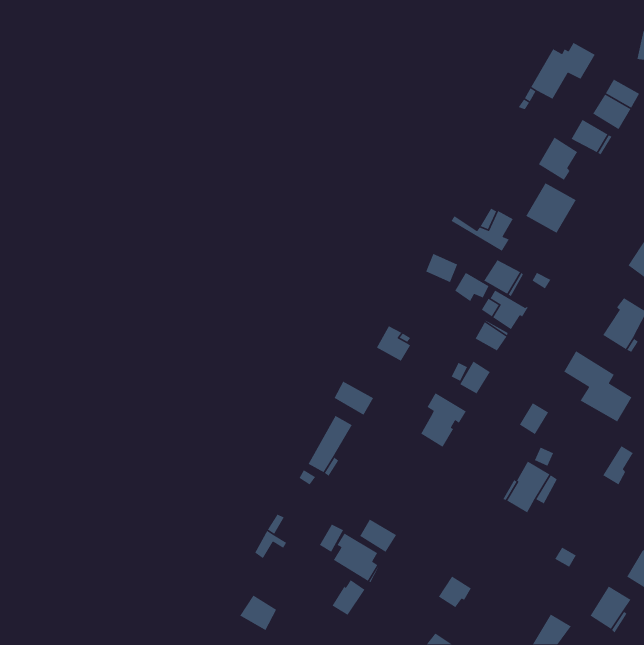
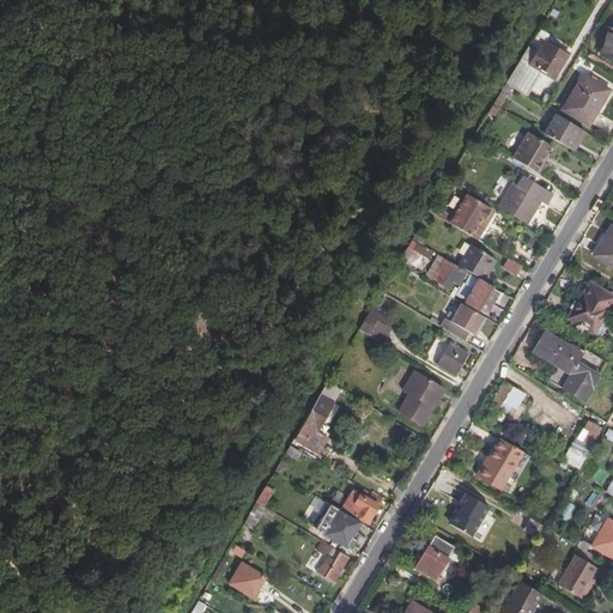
building: [334,380,374,416] -> none
building: none -> [449,492,492,536]

